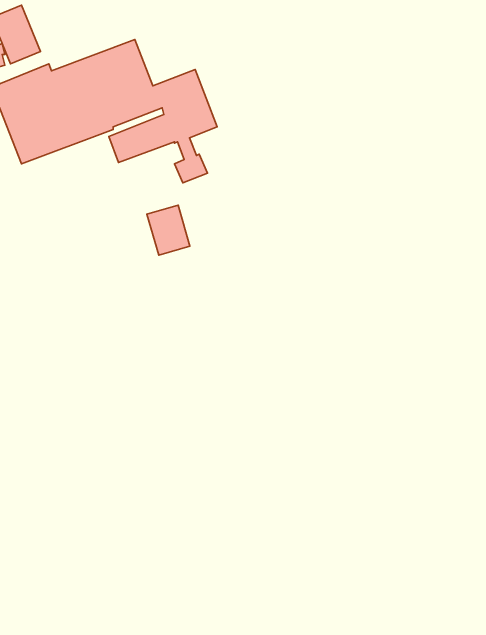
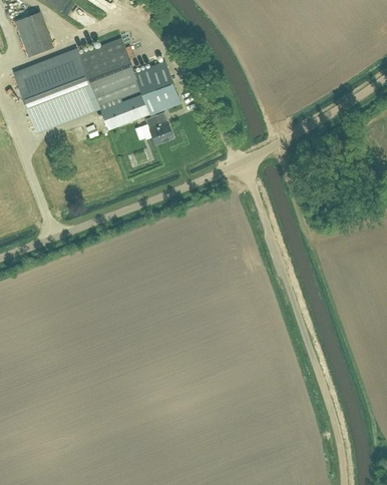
building: [147,205,190,255] -> none

